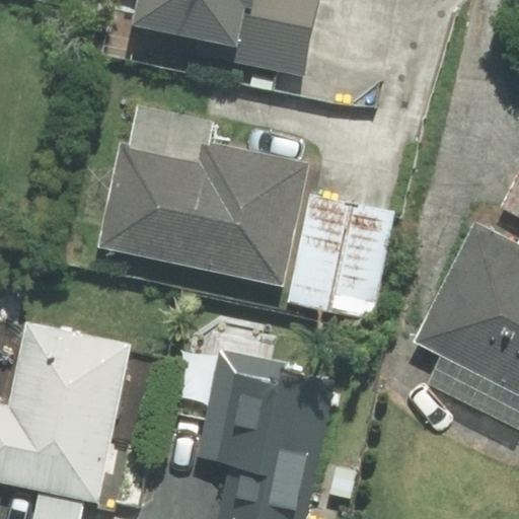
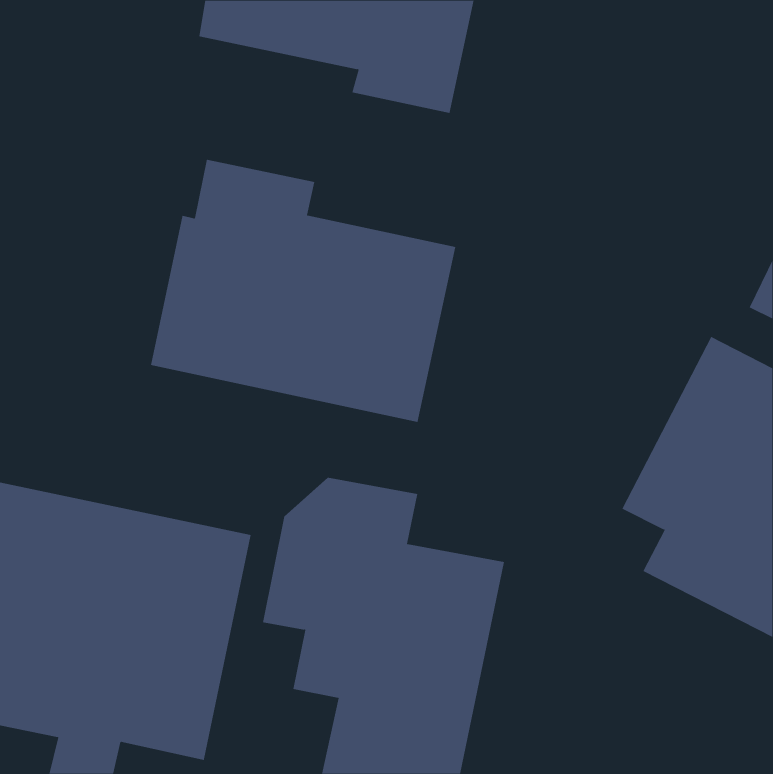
building: [288,194,392,317] -> none

